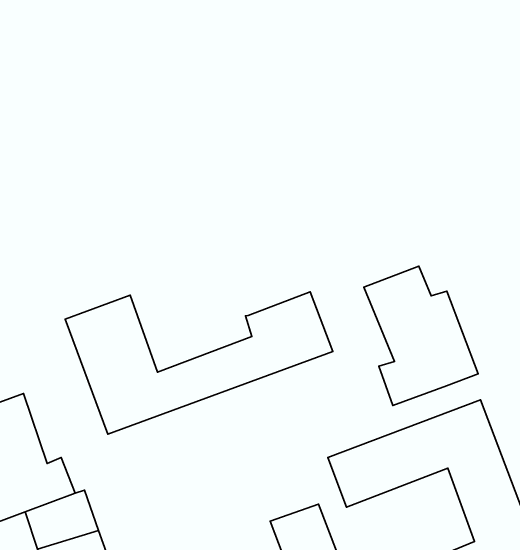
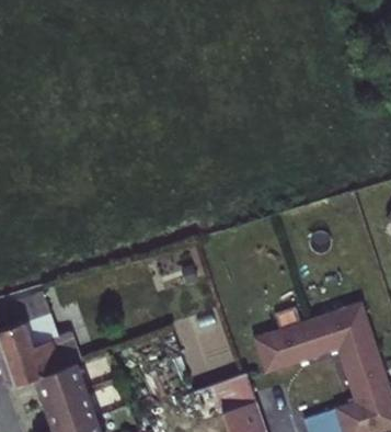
building: [364,266,478,406] -> none
building: [65,292,333,434] -> none

